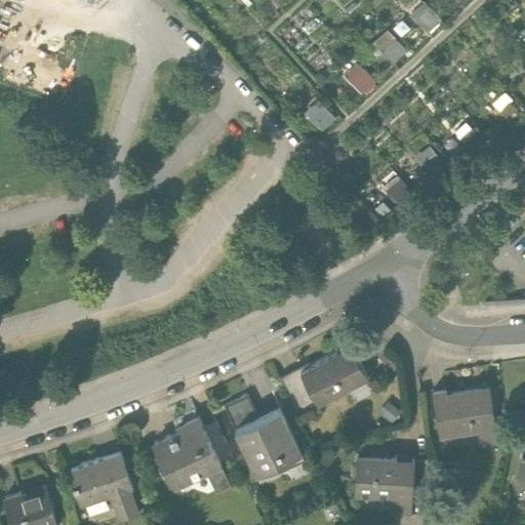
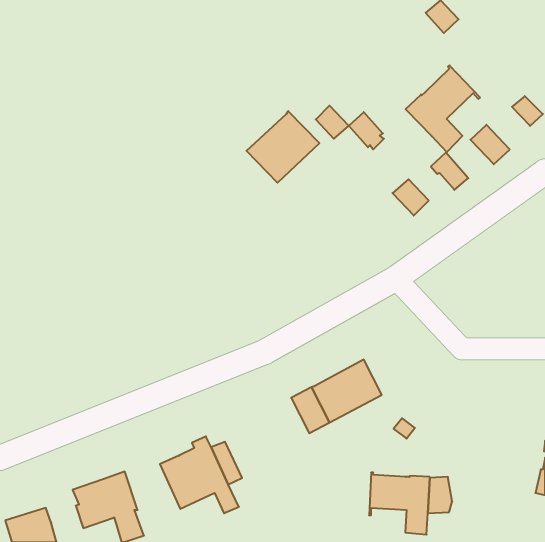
building: [372,29,407,65] -> none
building: [342,62,376,97] -> [349,112,384,149]
building: none -> [406,65,480,152]
building: none -> [246,111,319,183]
building: [432,387,497,444] -> none
building: [225,398,304,476] -> none

